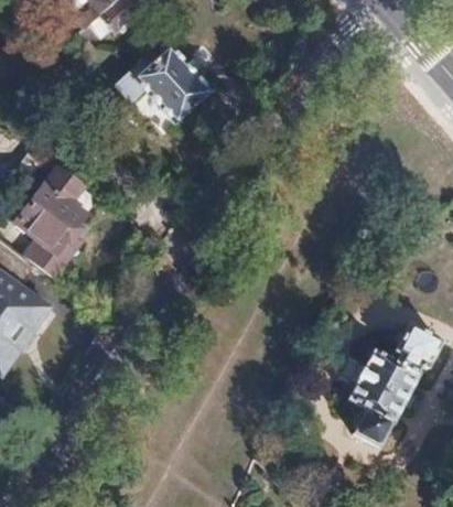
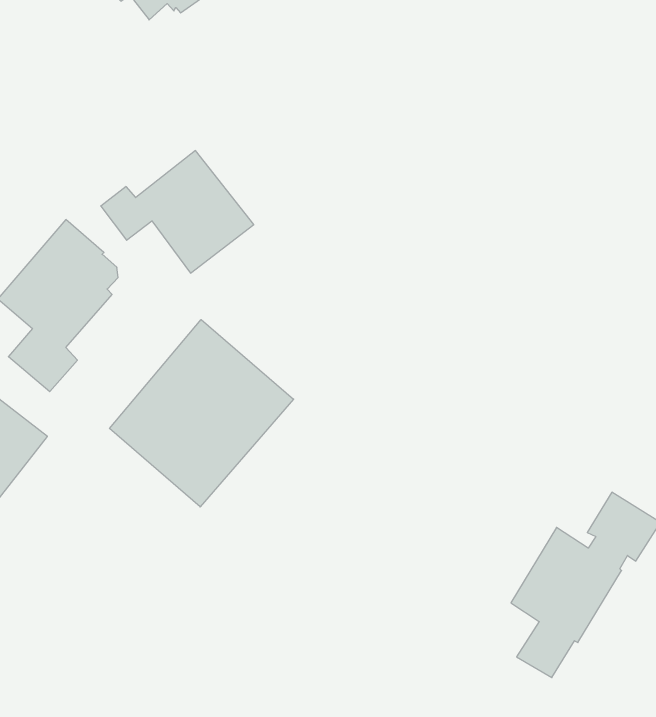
building: [112,43,211,121] -> [101,151,254,273]
building: none -> [110,320,294,507]

